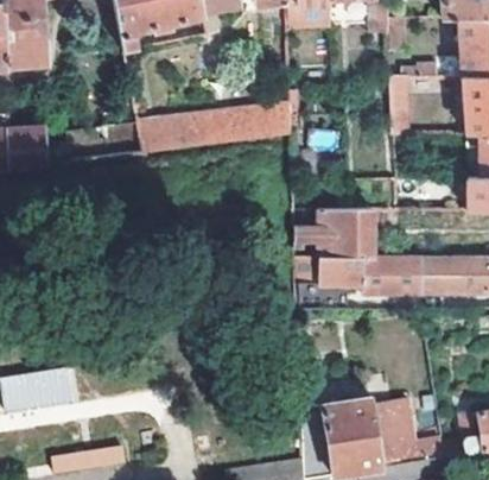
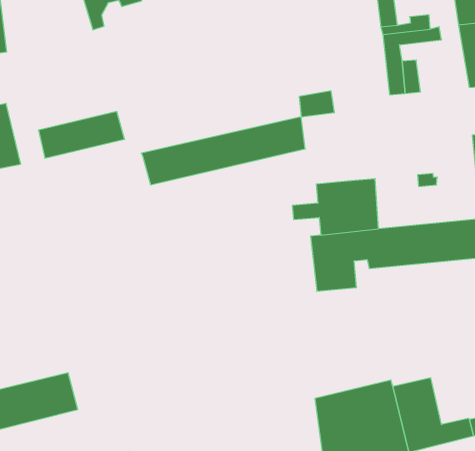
building: [140,105,291,154] -> [141,117,305,185]

